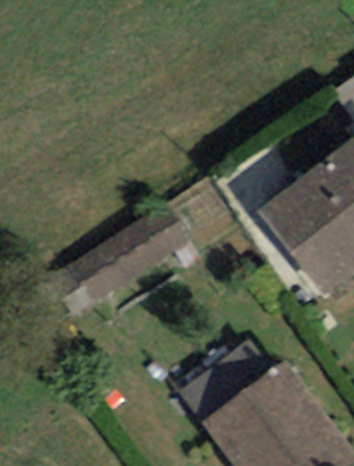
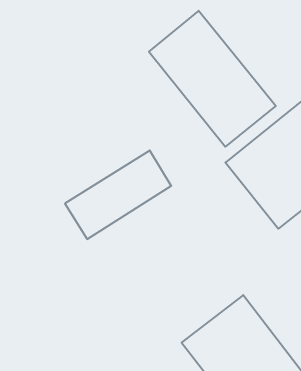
building: none -> [149,11,276,147]

